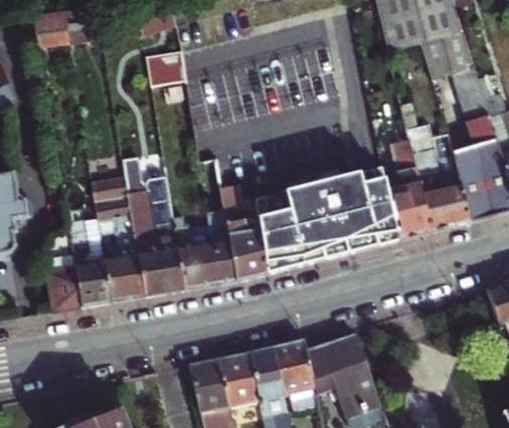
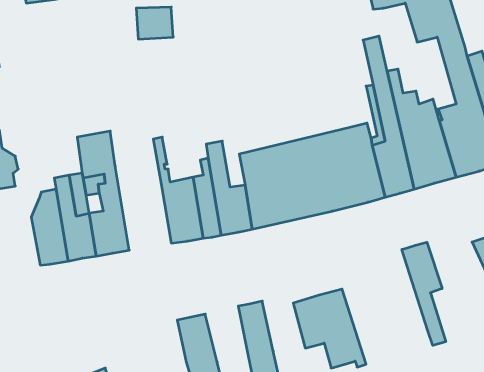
building: [121,153,185,294] -> none
building: none -> [402,242,446,345]
building: [277,340,322,407] -> none
building: [219,351,263,407] -> none

